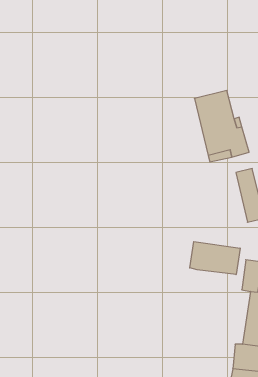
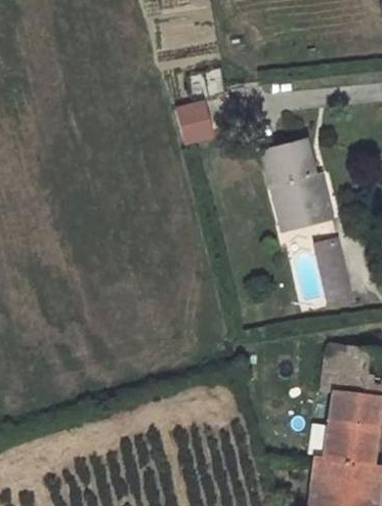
building: none -> [175,98,214,144]
building: [190,242,240,275] -> none

